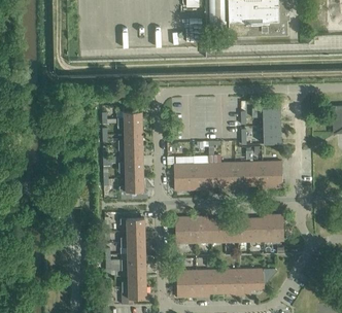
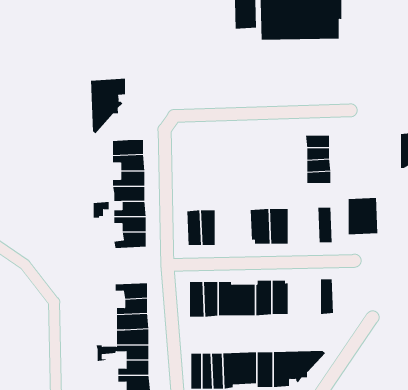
building: none -> [90,78,126,134]
building: [249,161,272,188] -> [348,198,378,235]
building: [195,163,221,189] -> none
building: [249,214,273,241] -> none

